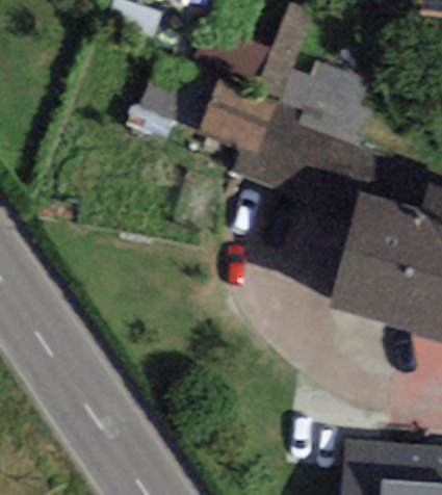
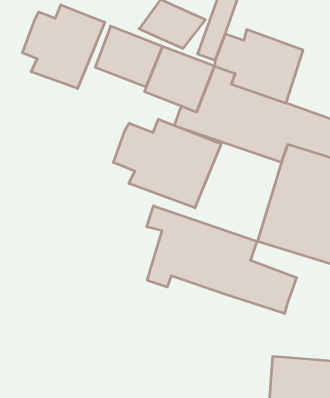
building: none -> [22,5,105,89]
building: none -> [113,119,221,208]
building: none -> [147,206,297,314]

